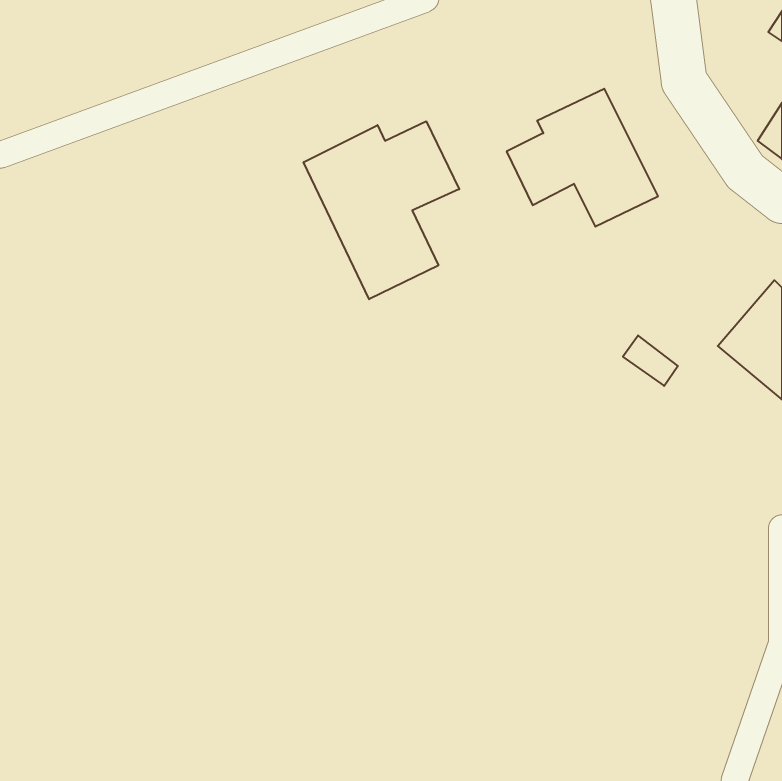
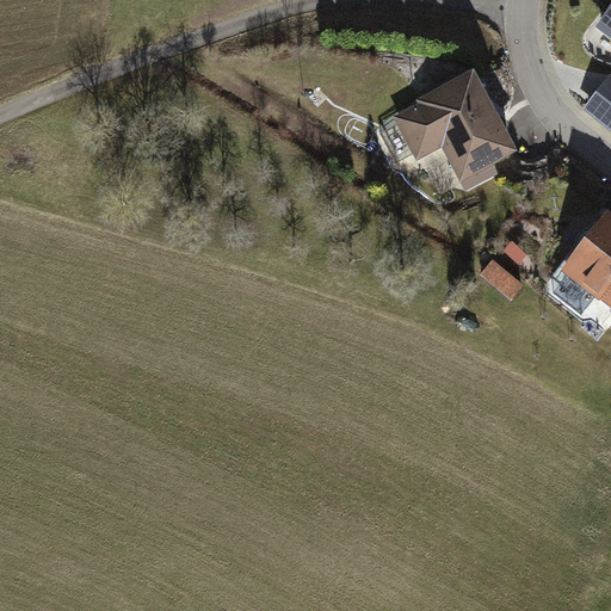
building: [304,121,459,299] -> none

